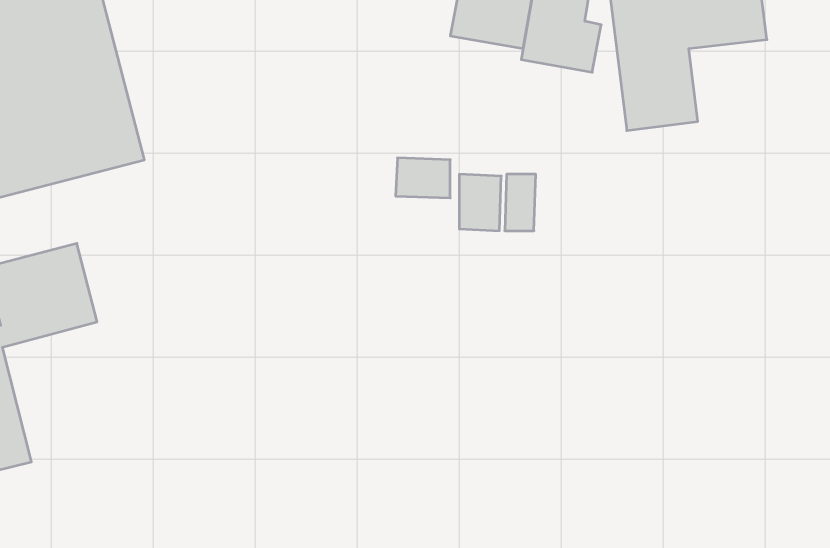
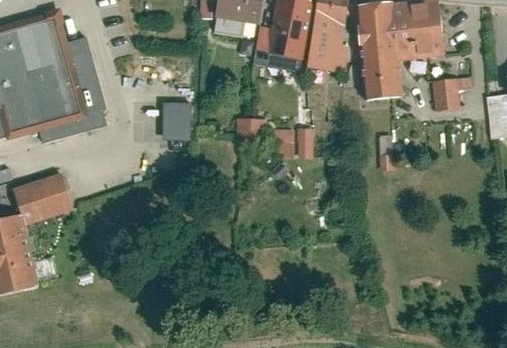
building: none -> [432,77,461,113]
building: none -> [159,104,192,141]

